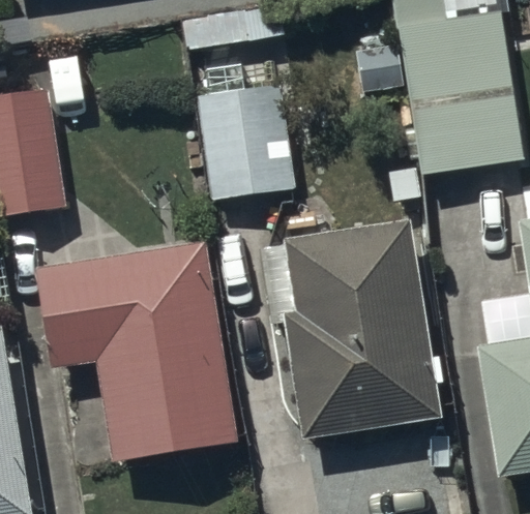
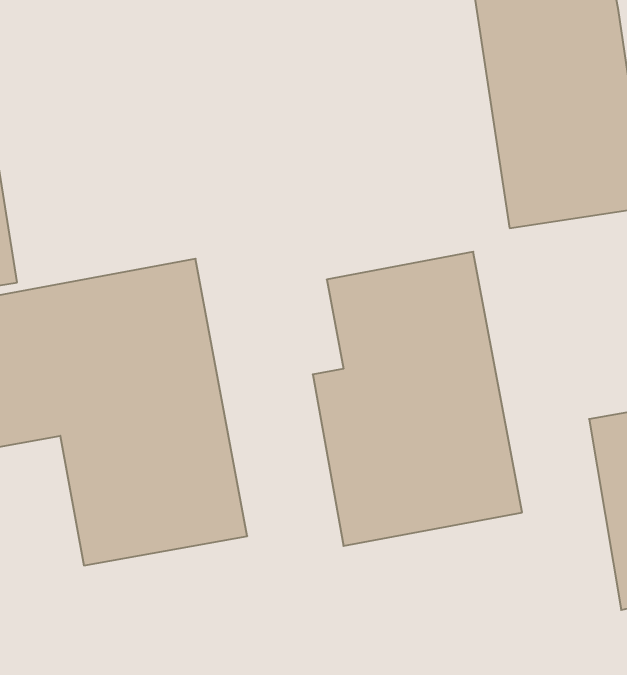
building: [199,92,300,211] -> none

